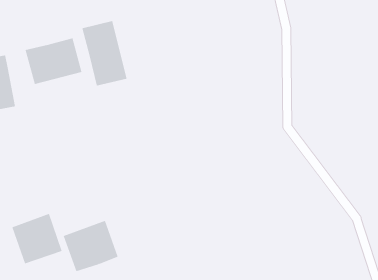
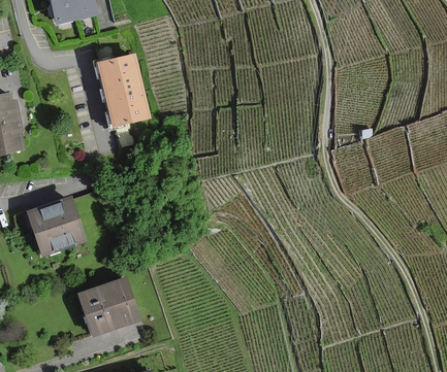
building: [25,37,82,85] -> none
building: [12,213,62,264] -> [28,195,85,251]

